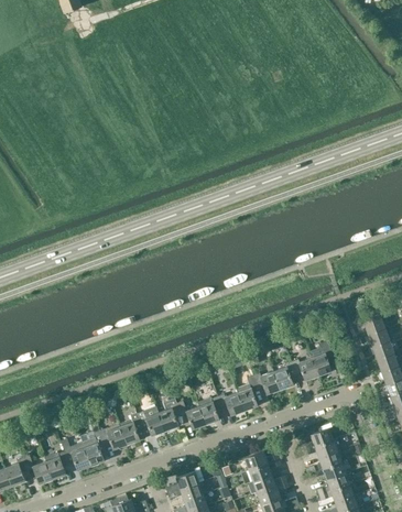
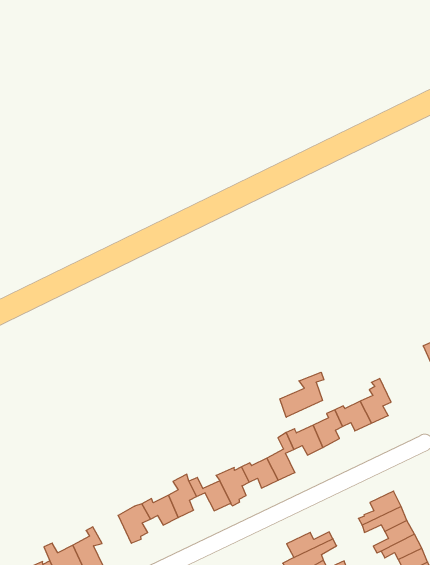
building: none -> [280,372,324,417]
building: [100,424,128,450] -> none

